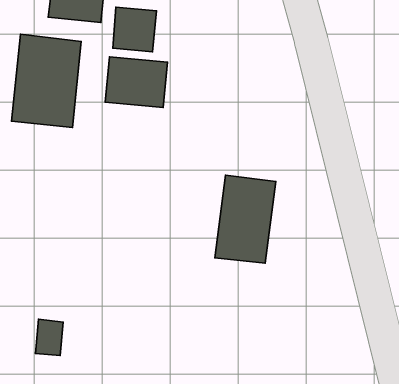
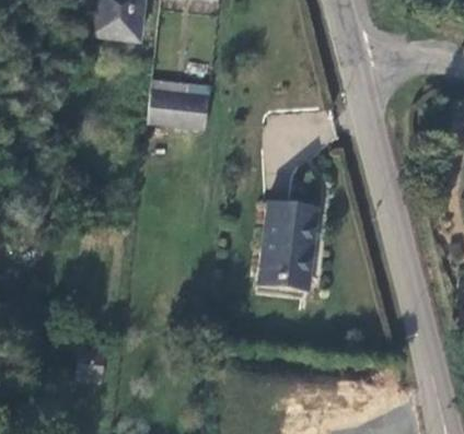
building: [113,7,156,52] -> none
building: [11,34,81,127] -> none

